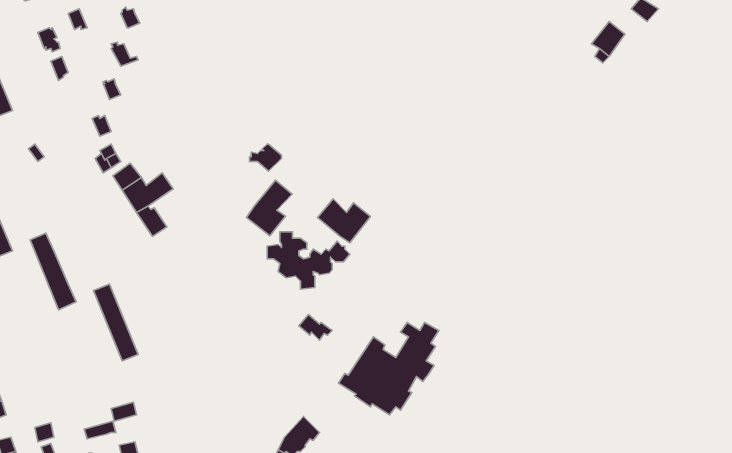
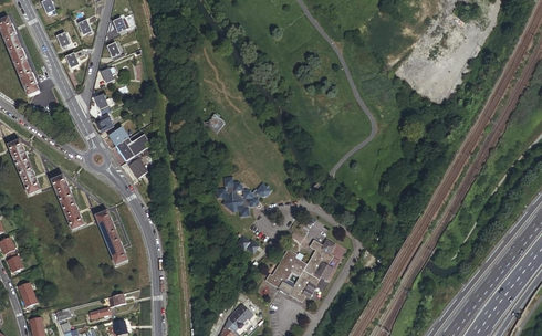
building: [246,180,292,236] -> none
building: [318,199,370,243] -> none

